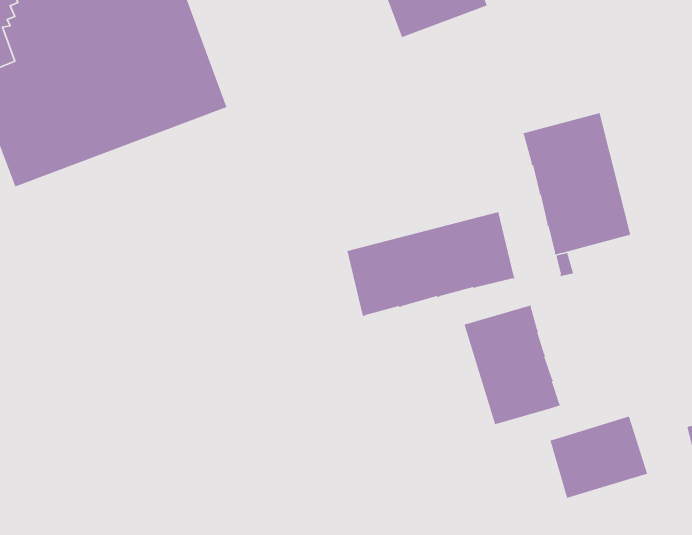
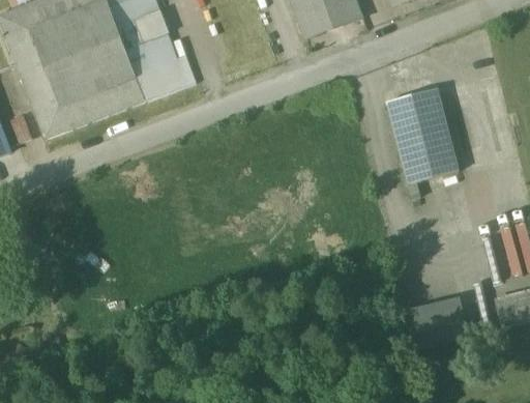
building: [347,211,516,317] -> none
building: [463,304,561,425] -> none

